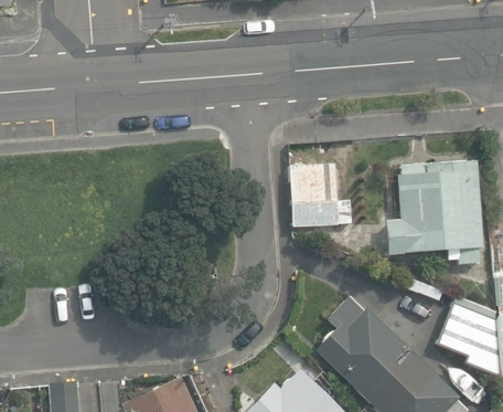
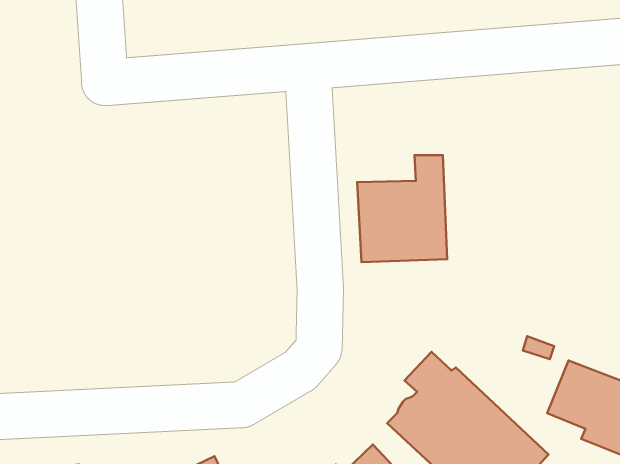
building: [386,159,483,264] -> none

